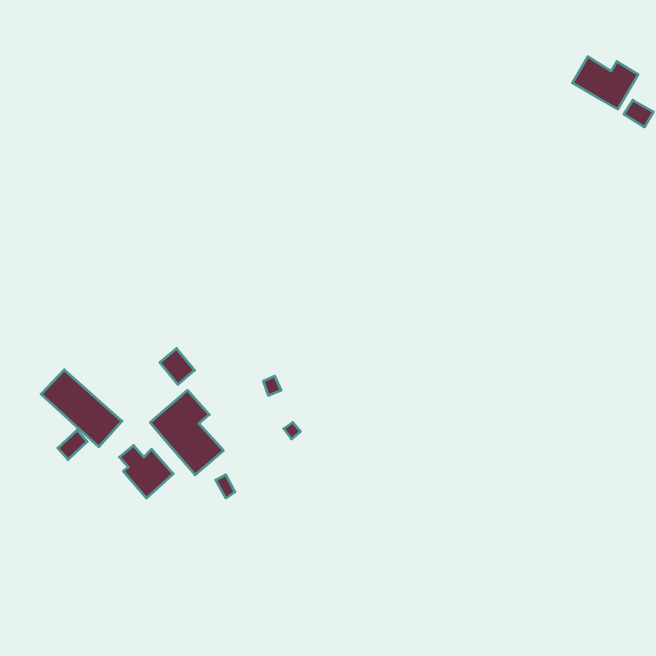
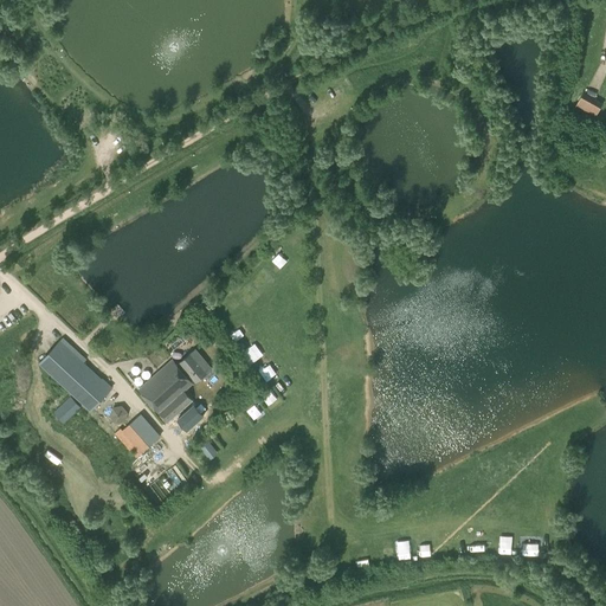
building: [572,57,638,109] -> none
building: [160,348,195,384] -> [180,349,212,382]

